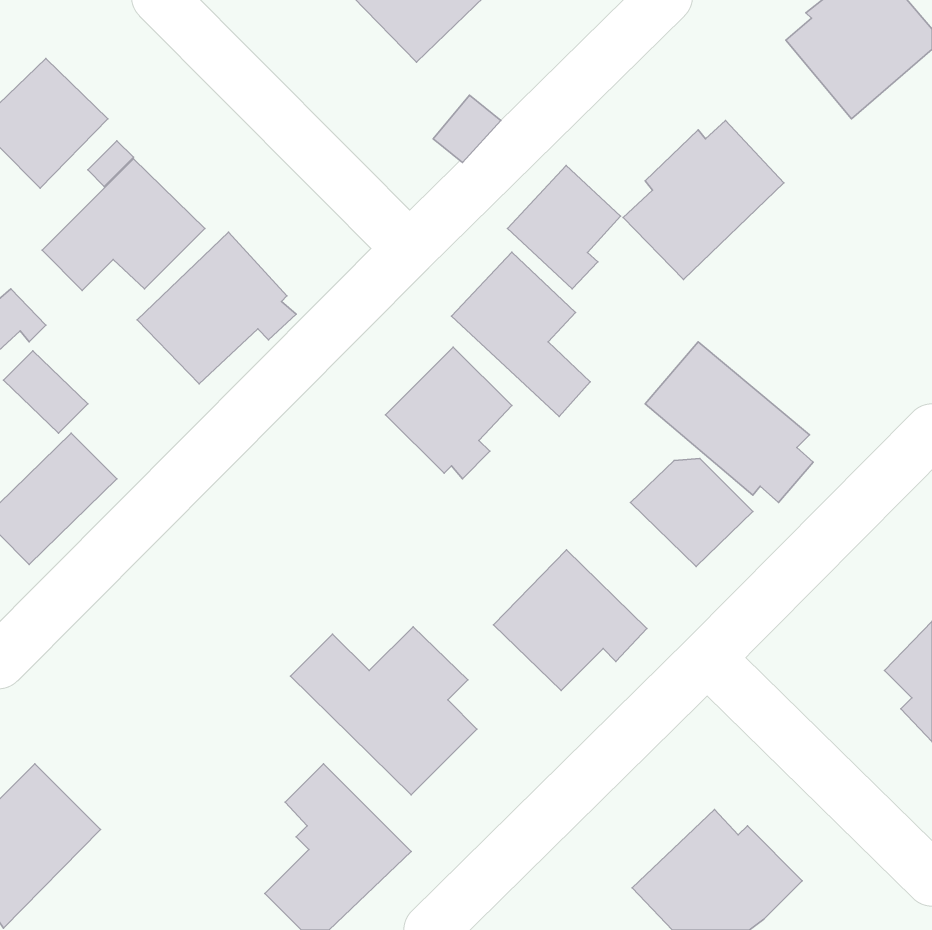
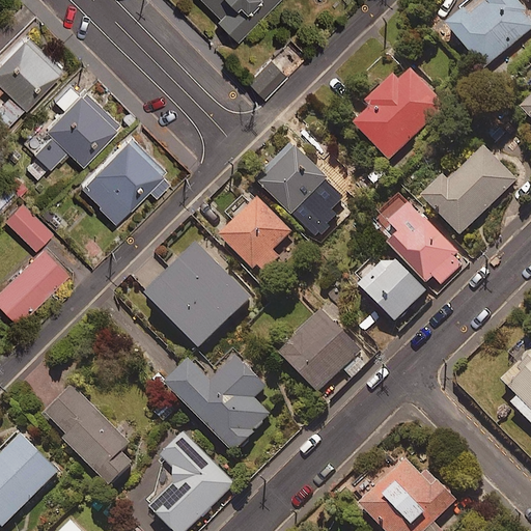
building: [507,165,620,289] -> none
building: none -> [422,147,516,234]
building: none -> [145,244,250,348]
building: none -> [44,387,132,485]

